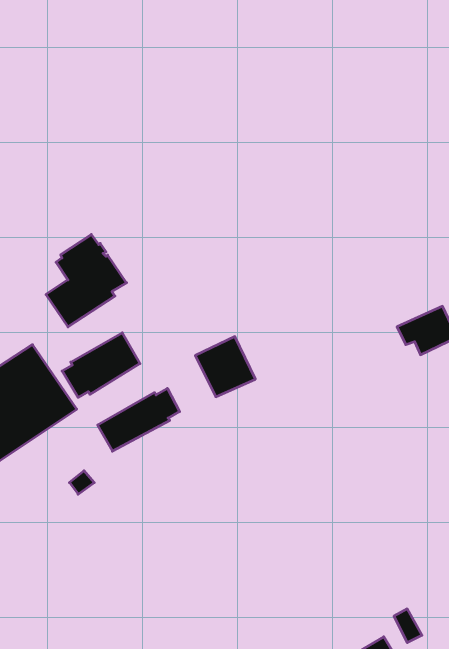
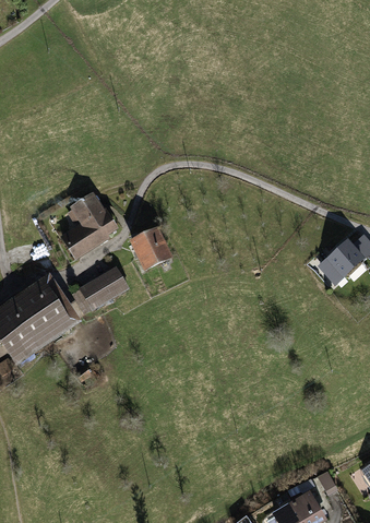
building: [195,337,255,397] -> [128,226,172,271]
building: [98,388,180,451] -> none

